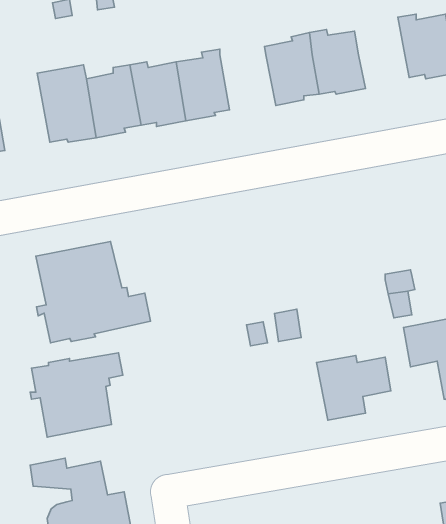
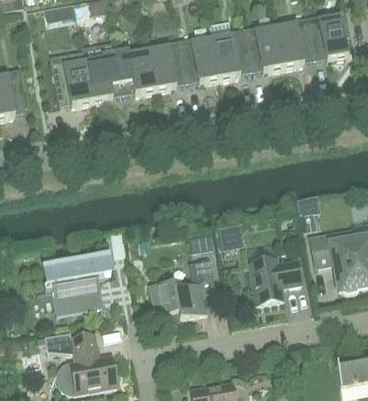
building: none -> [275,16,314,67]
building: none -> [179,37,219,82]
building: [36,241,150,343] -> none
building: none -> [149,258,215,317]

